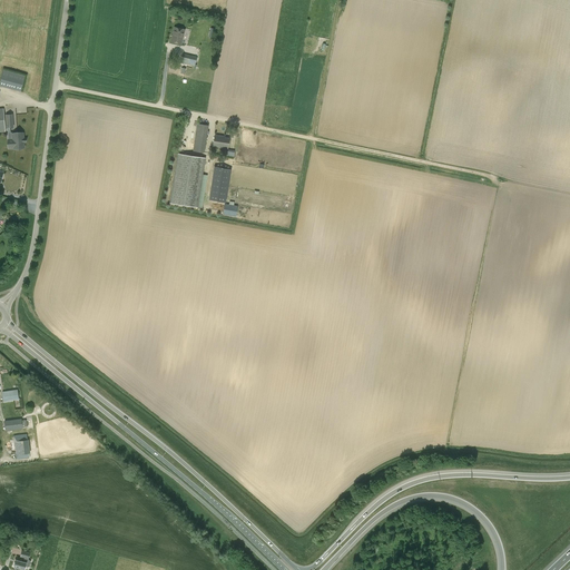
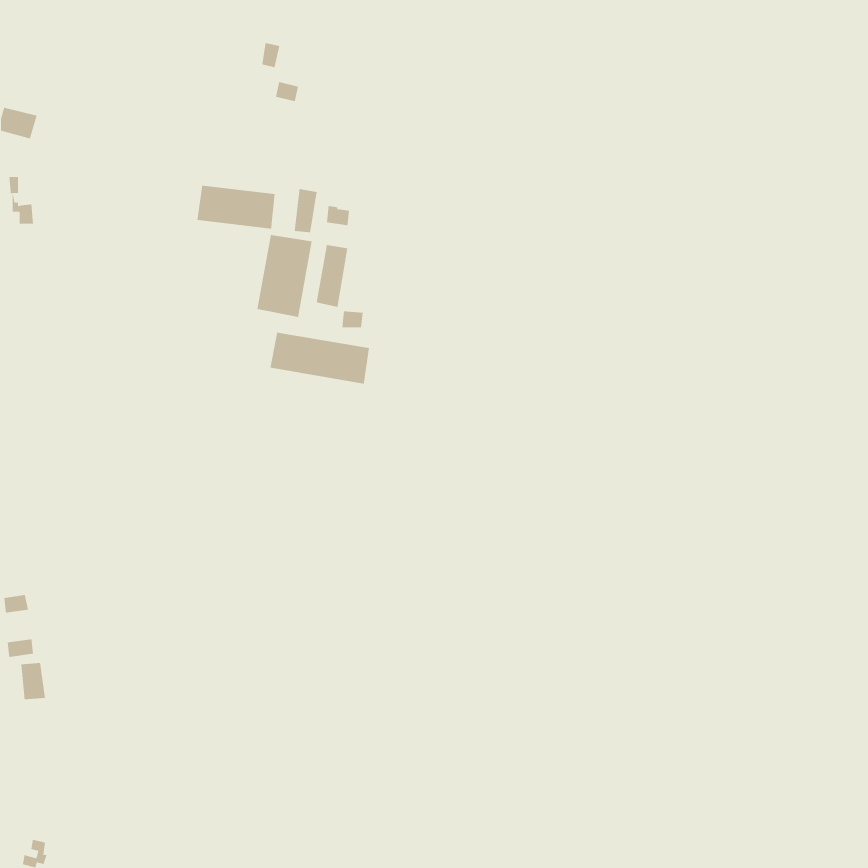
building: none -> [197,185,275,230]
building: none -> [270,332,369,384]

